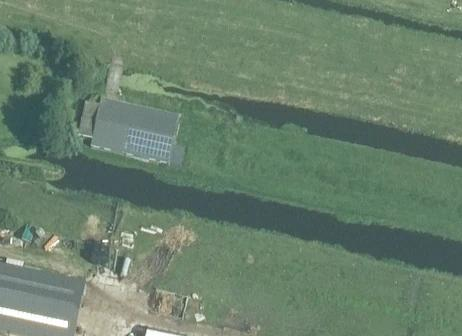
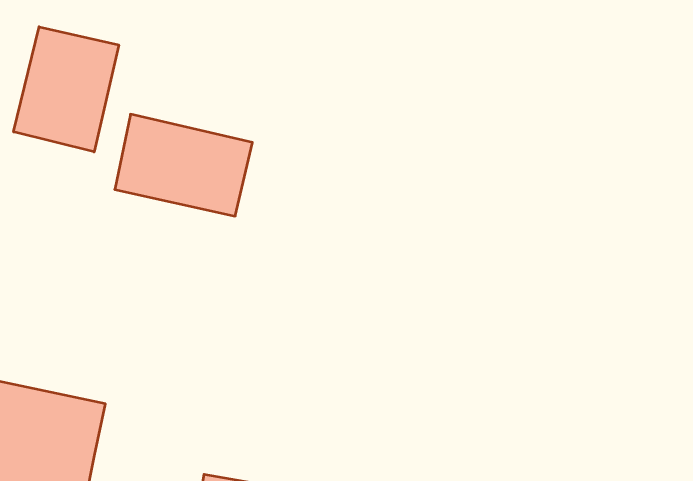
building: none -> [14,27,119,152]

